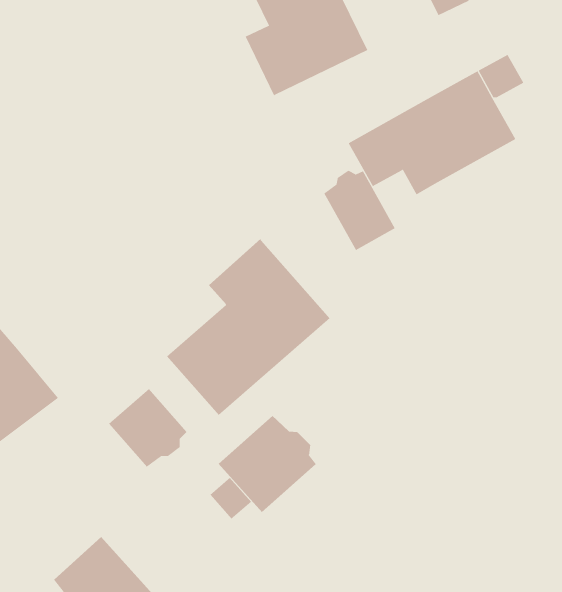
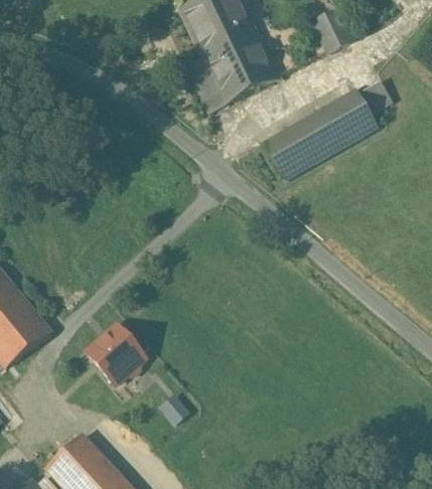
building: [324,170,396,251] -> none
building: [166,238,330,416] -> none
building: [218,415,317,513] -> none

